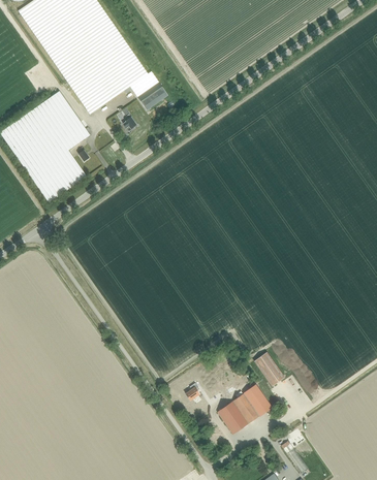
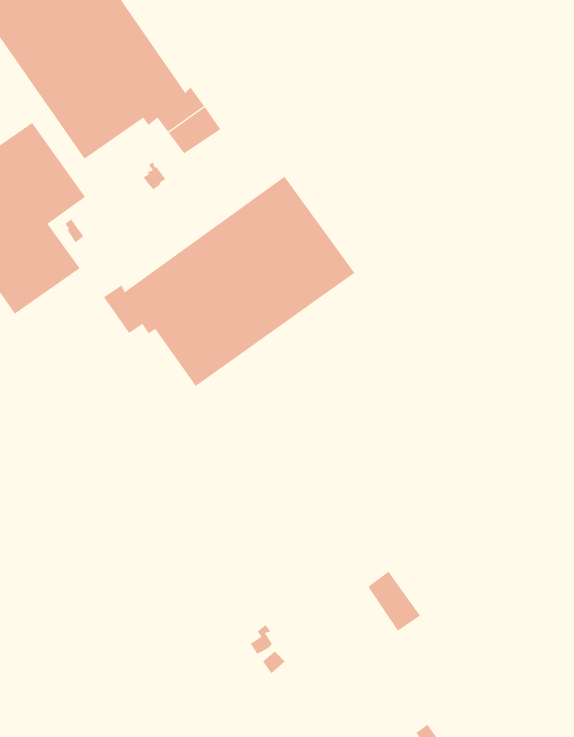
building: none -> [103,176,355,387]
building: [217,385,271,435] -> none

